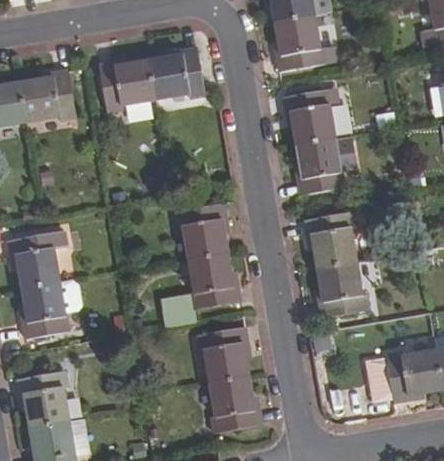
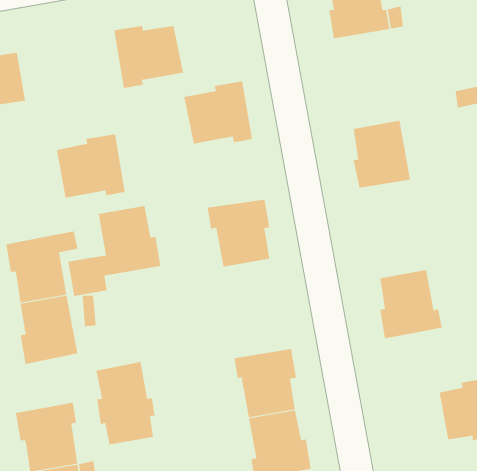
building: [148,47,205,99] -> [183,81,253,144]
building: [19,69,76,122] -> [56,134,125,198]
building: [283,89,334,145] -> none
building: [304,211,356,268] -> none
building: [163,252,240,327] -> [68,205,161,297]
building: none -> [96,361,155,445]

